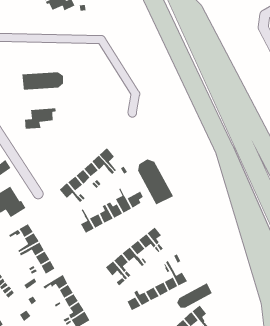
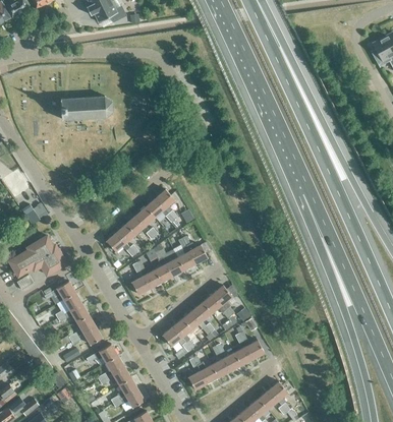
building: [24,108,56,130] -> none
building: [137,158,174,206] -> none
building: [176,282,213,308] -> none

